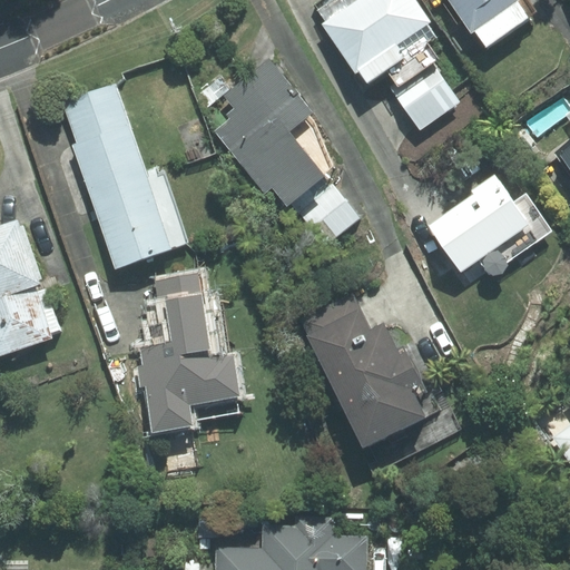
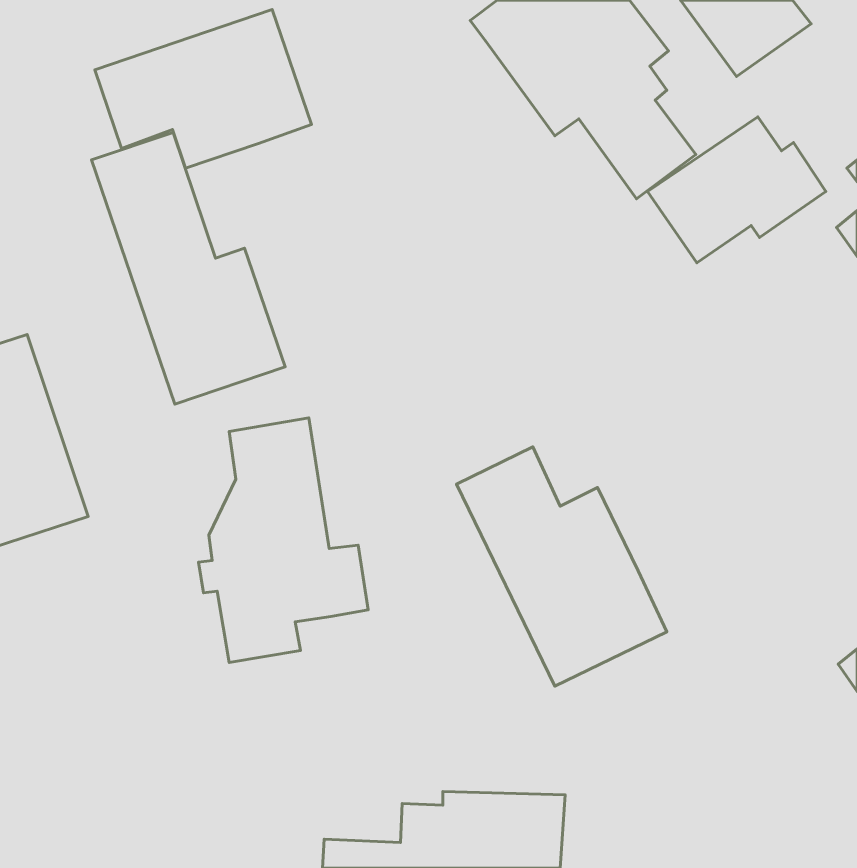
building: none -> [95,9,312,168]
building: [213,59,363,248] -> none
building: [426,177,543,273] -> [648,117,826,263]

